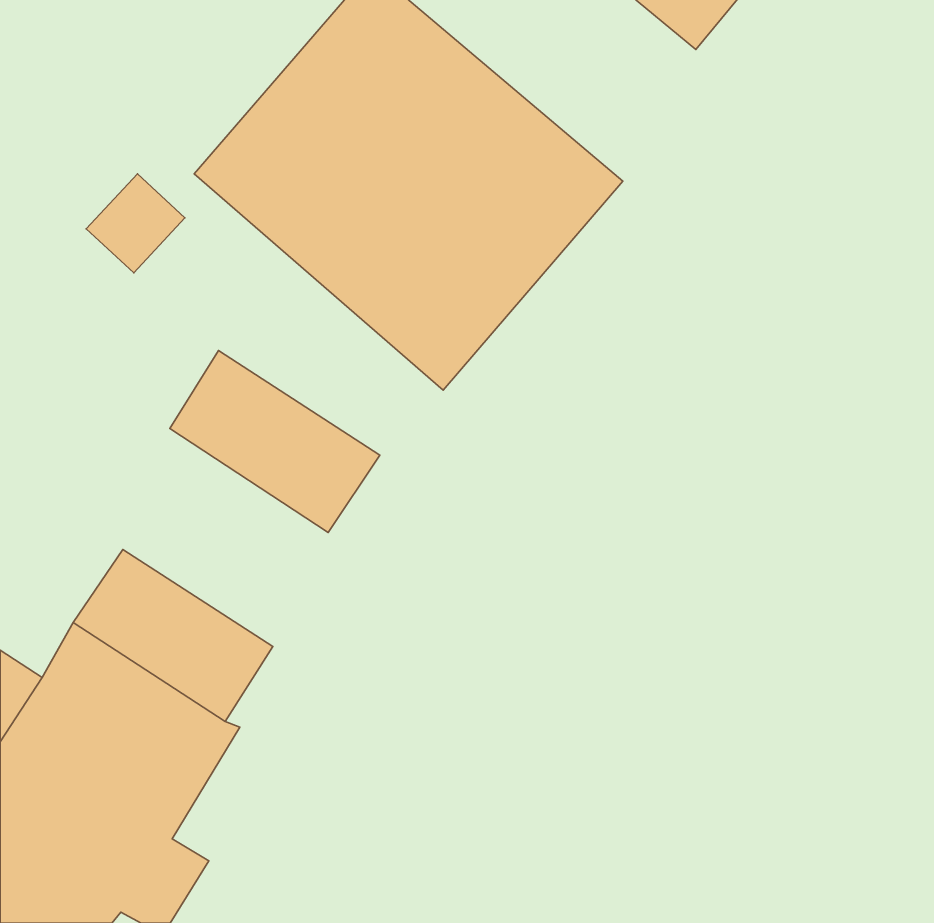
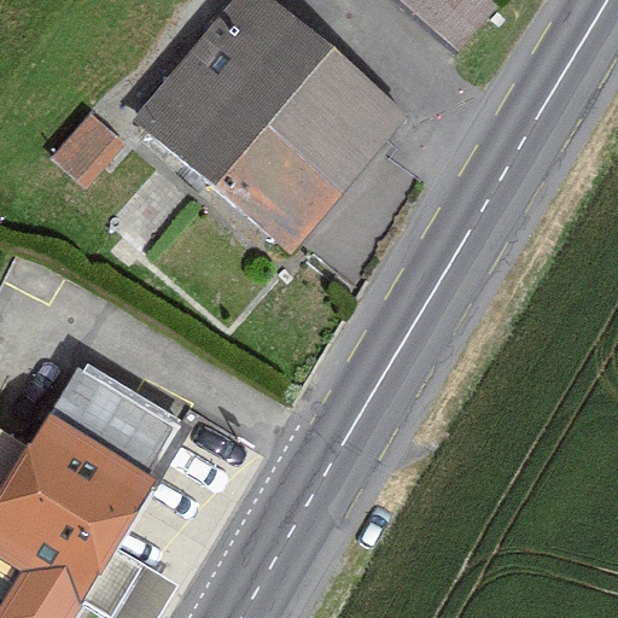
building: [170,351,380,532] -> none

